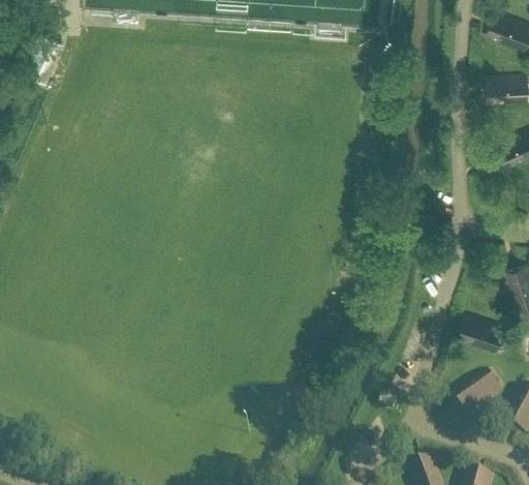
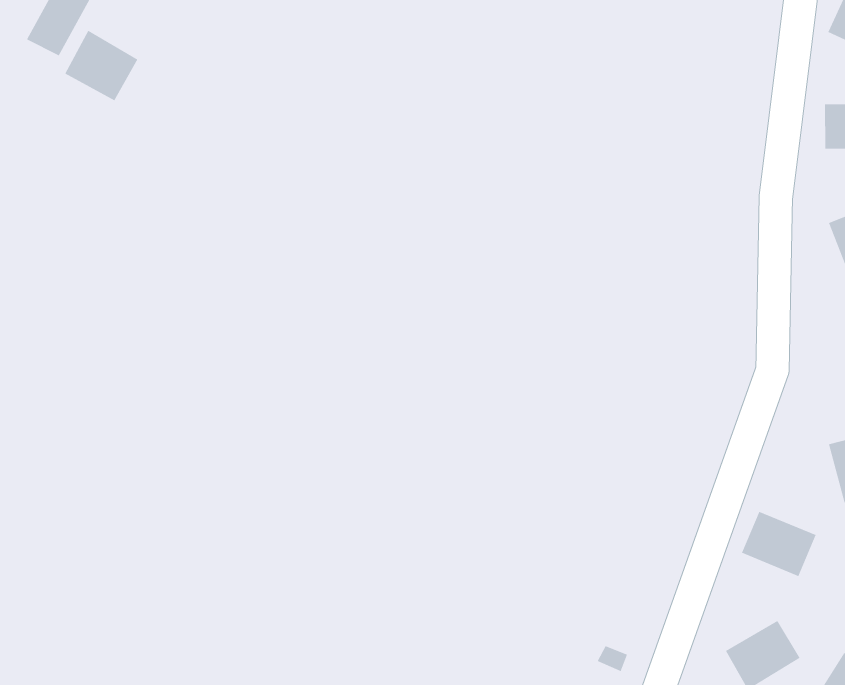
building: none -> [65,30,138,101]

